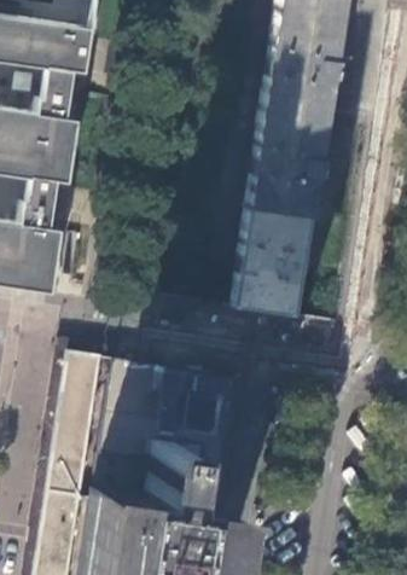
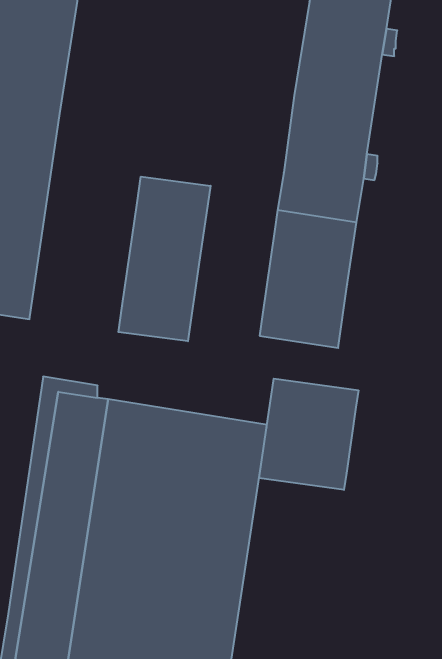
building: none -> [118,177,211,341]
building: none -> [259,379,358,490]

